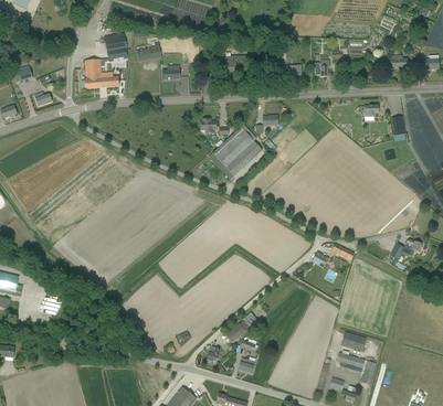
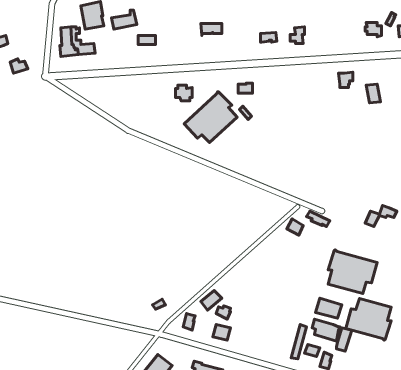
building: none -> [328,250,377,294]
building: none -> [346,299,391,340]

